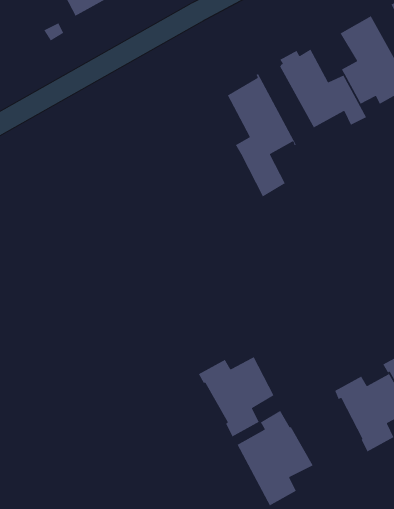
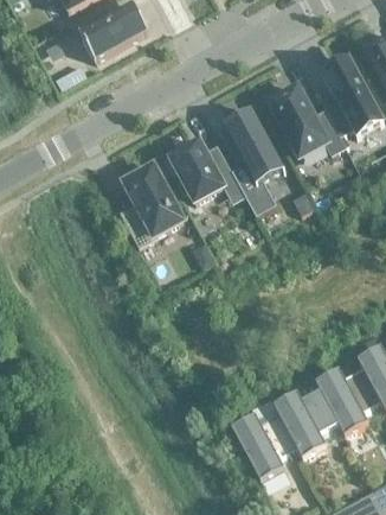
building: none -> [171,139,237,201]
building: none -> [123,161,184,244]
building: [198,356,275,437] -> [275,387,341,457]

